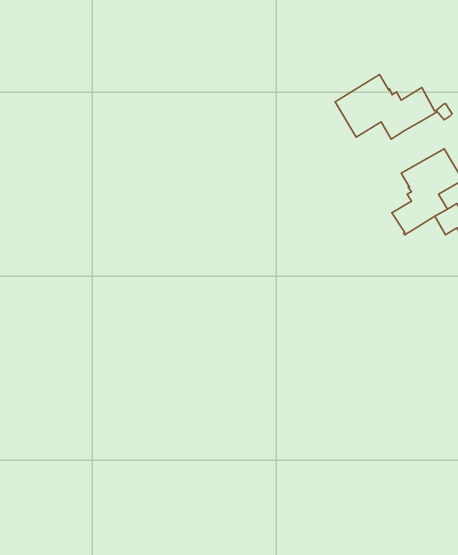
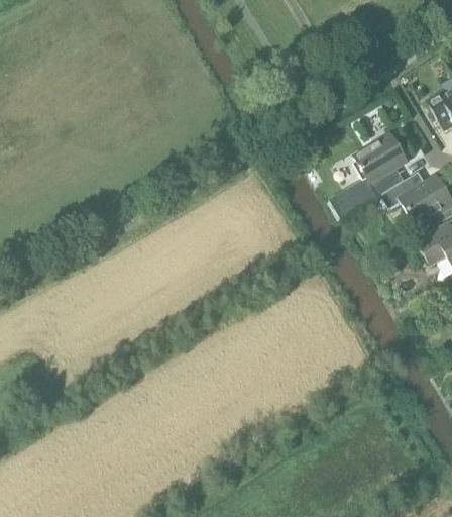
building: [335,74,437,139] -> none

